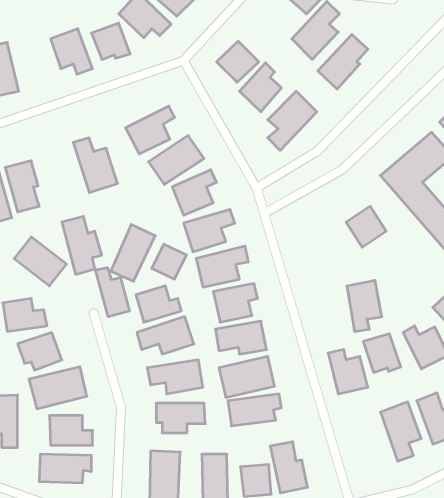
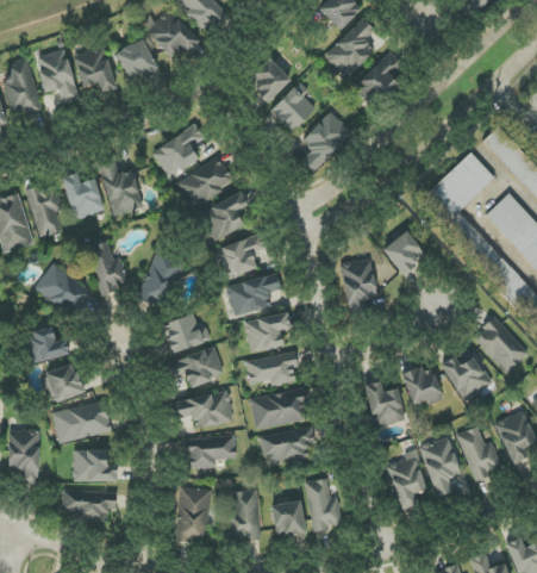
building: none -> [36,49,79,105]
building: none -> [63,173,104,219]
building: [152,244,186,279] -> none
building: [95,268,129,317] -> none
building: [347,280,382,332] -> [341,259,377,312]
building: none -> [387,450,426,510]

